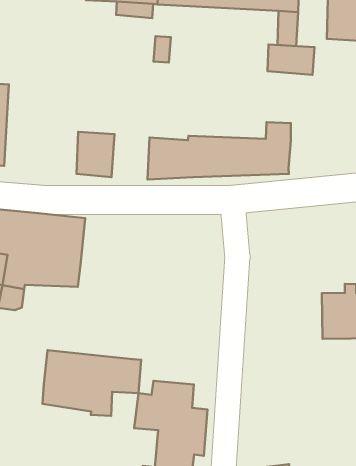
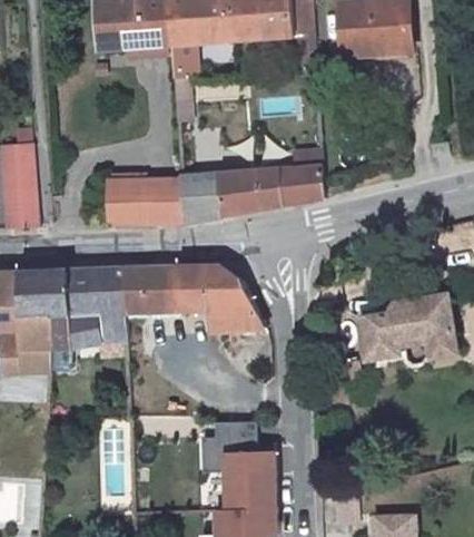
building: [268,44,315,75] -> none
building: none -> [144,179,182,224]
building: none -> [125,266,266,332]
building: [42,350,141,416] -> none

